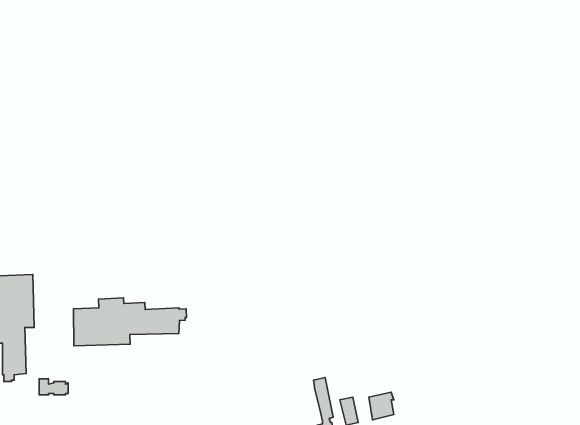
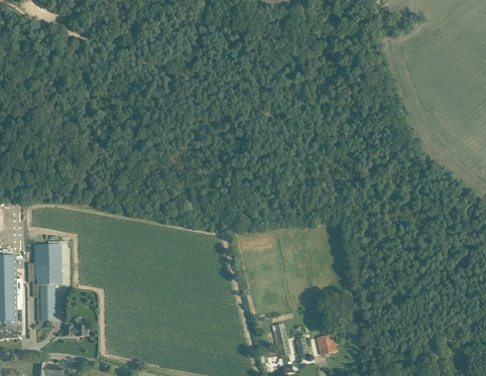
building: [74,298,186,346] -> none

